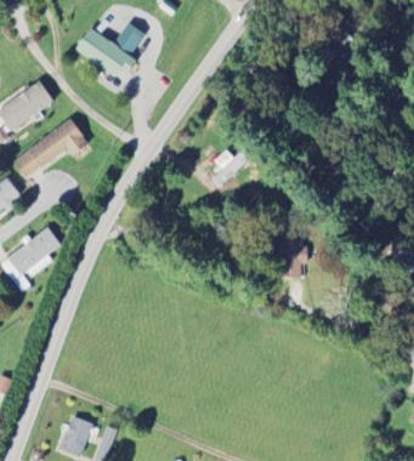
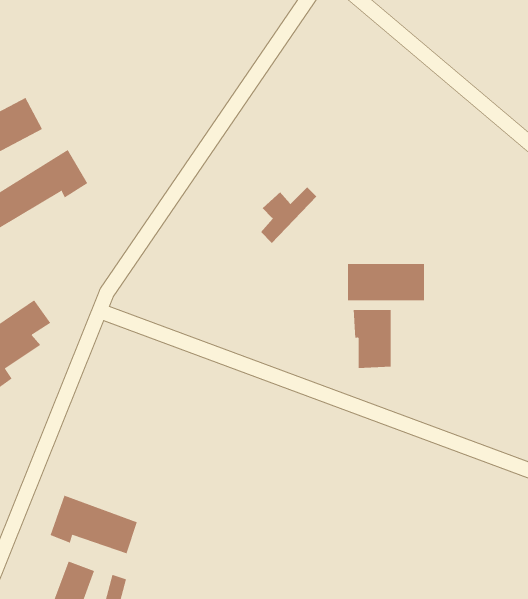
building: [75,24,144,80] -> none
building: none -> [348,263,425,301]
building: none -> [50,495,138,554]

